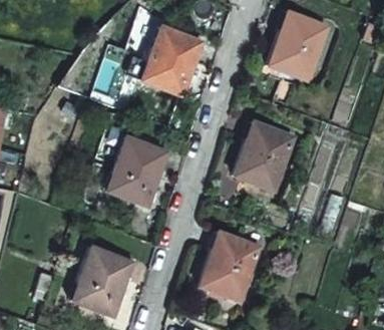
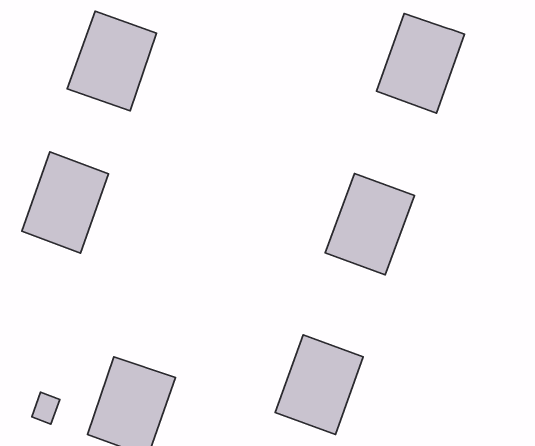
building: [139,27,201,95] -> [67,11,157,111]
building: [106,137,165,207] -> [22,152,108,253]

